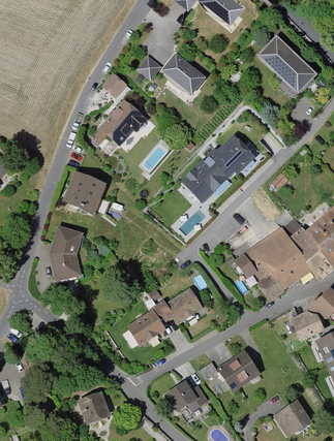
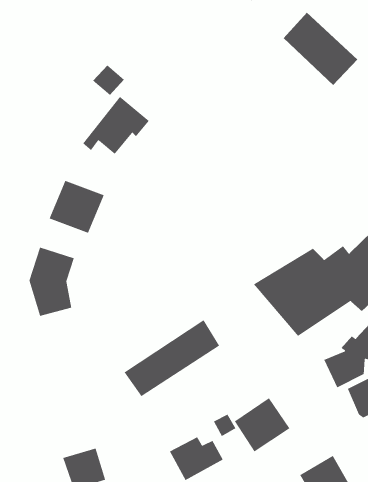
building: [135,52,207,93] -> none
building: [181,132,252,201] -> none

